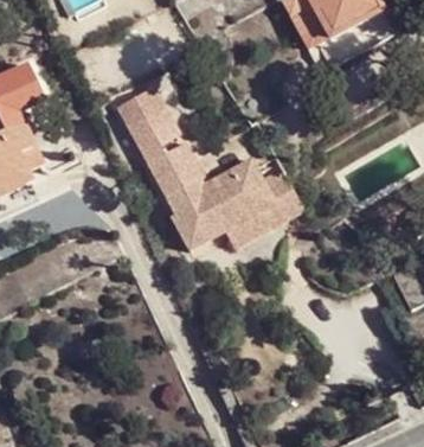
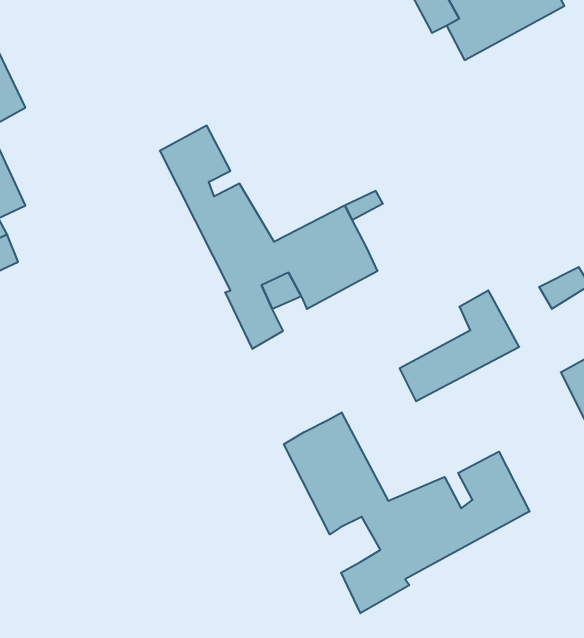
building: [225,175,303,248] -> [400,290,519,401]
building: none -> [284,412,530,613]

